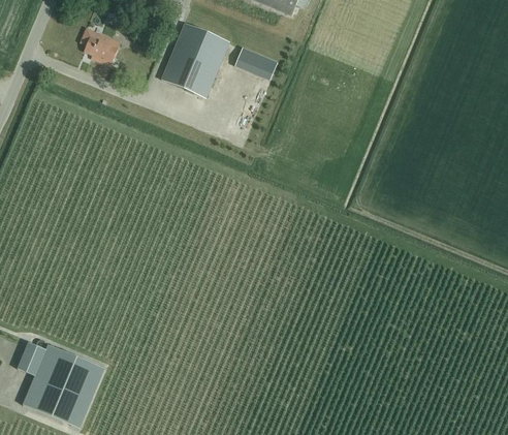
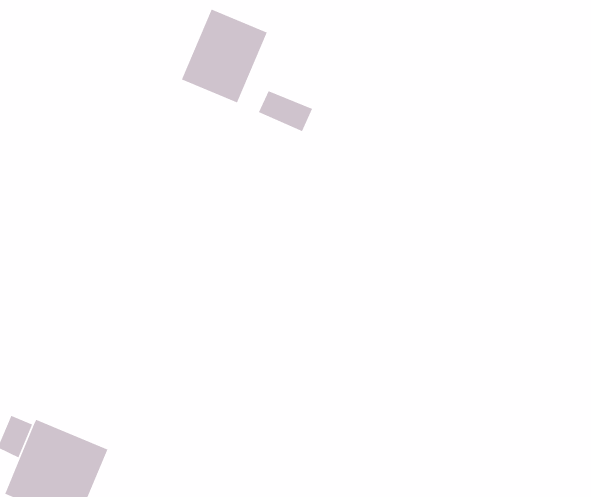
building: [81,28,120,65] -> none
building: [234,46,278,80] -> [258,90,313,132]

